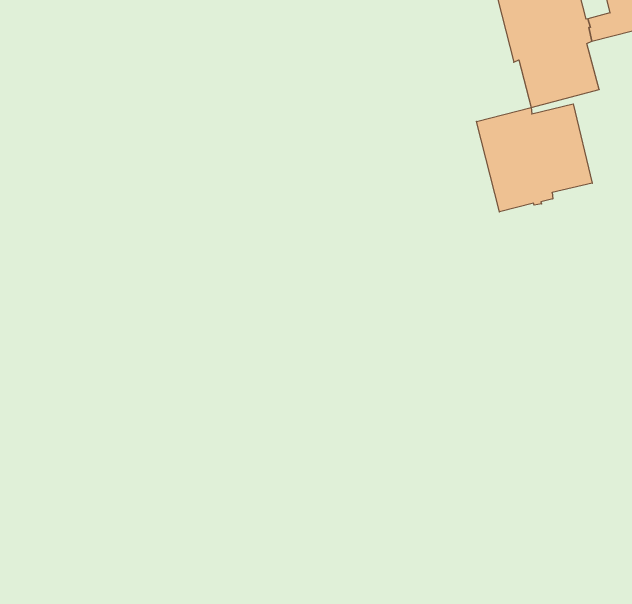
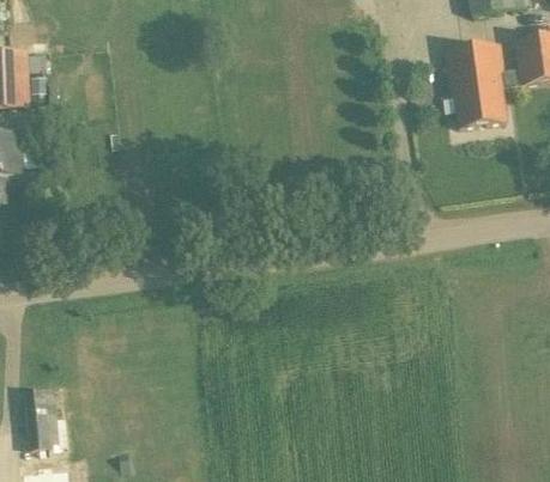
building: [476,104,592,212] -> none

